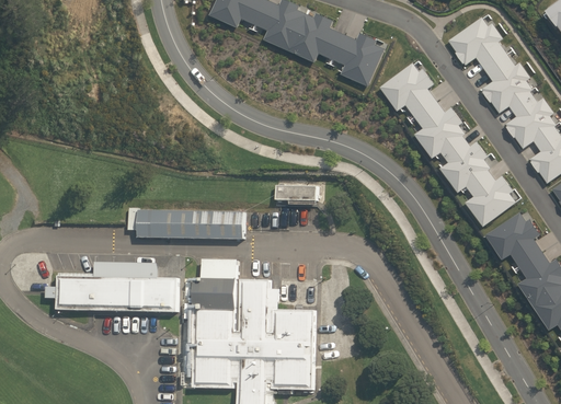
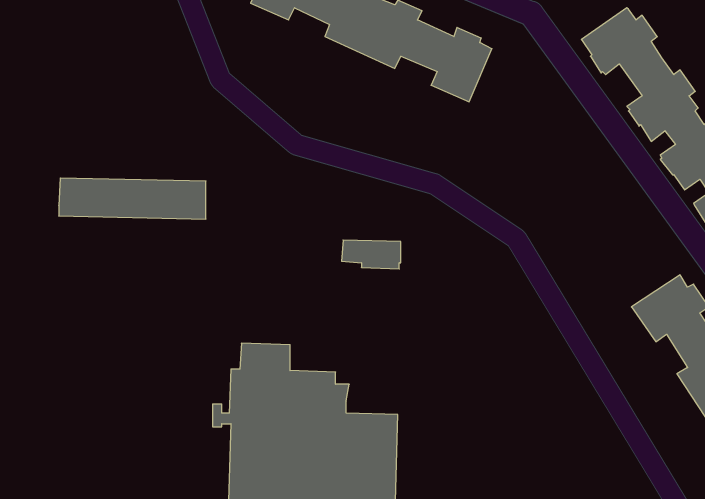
building: [378,61,516,226] -> none
building: [138,210,244,240] -> [59,178,206,219]
building: [46,263,179,313] -> none

